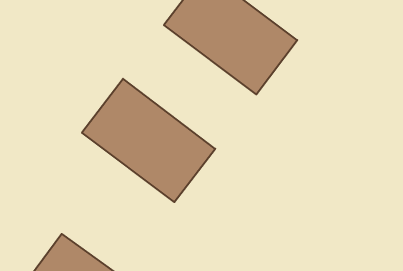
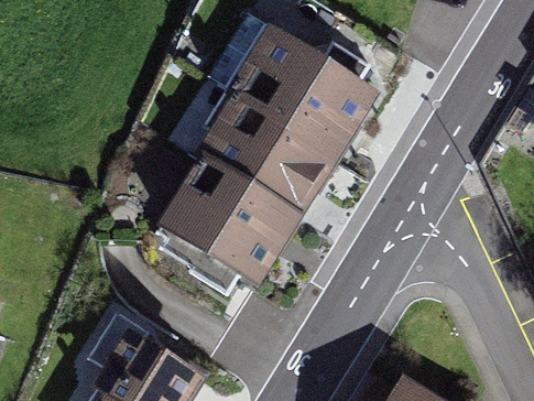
building: none -> [186,88,339,223]

